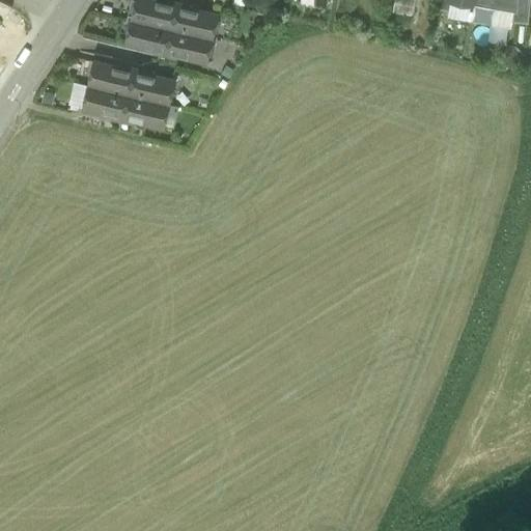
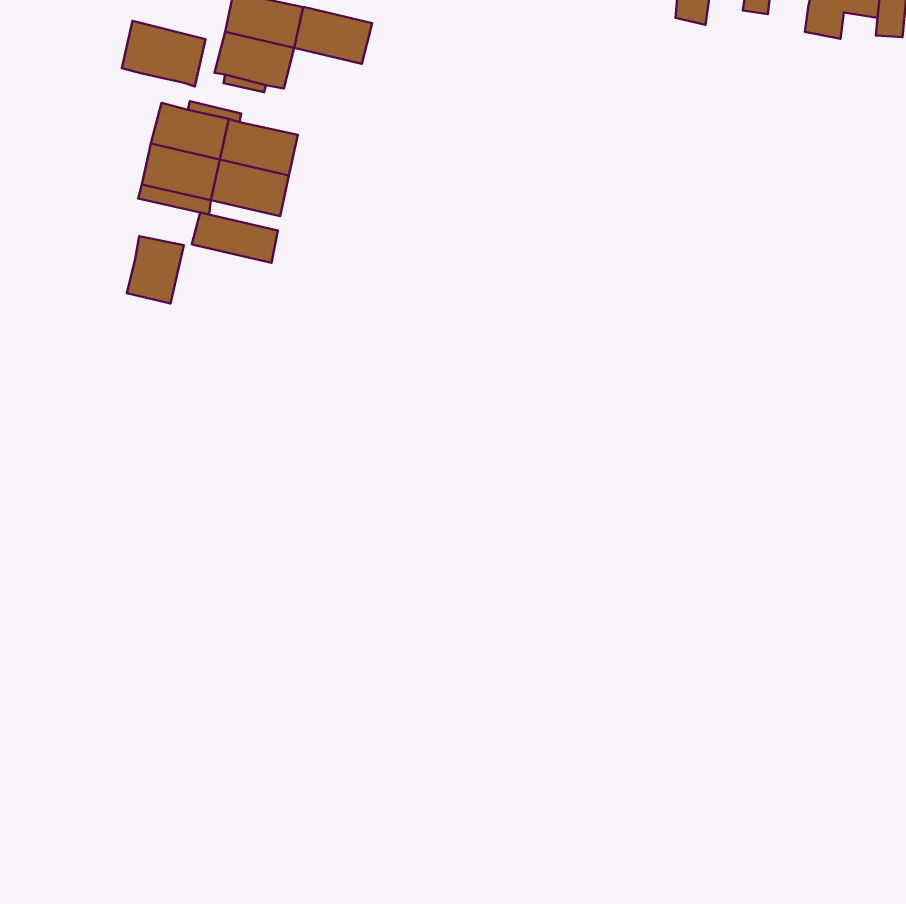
building: none -> [122,21,206,87]
building: [166,28,212,61] -> none
building: none -> [192,212,278,263]
building: none -> [127,236,184,304]

